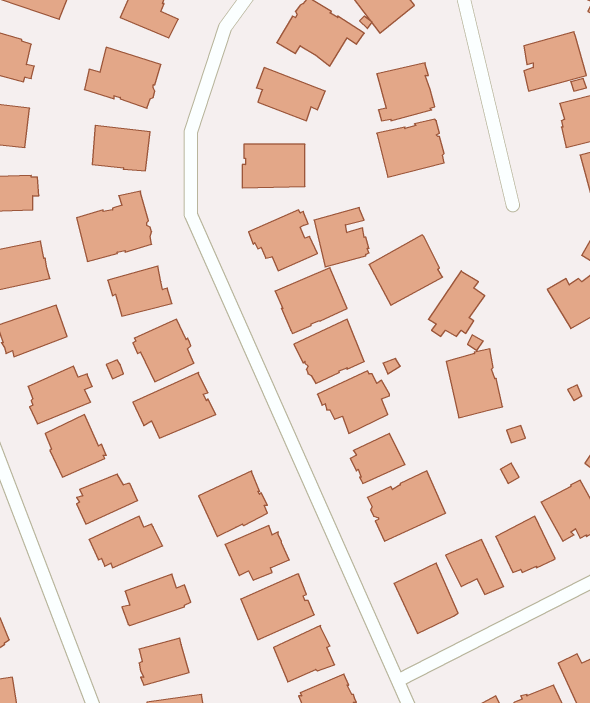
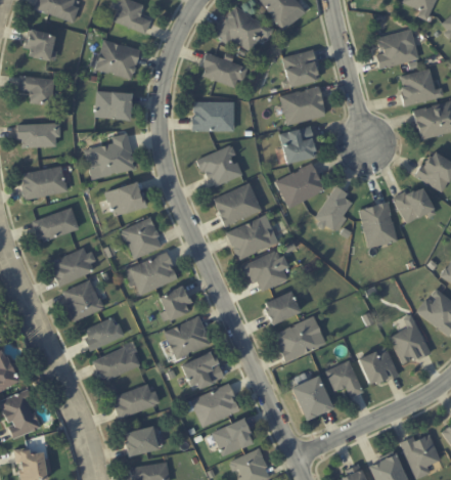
building: [314,208,369,267] -> [280,125,316,164]
building: [446,349,503,418] -> [360,202,397,247]
building: none -> [161,287,193,321]

